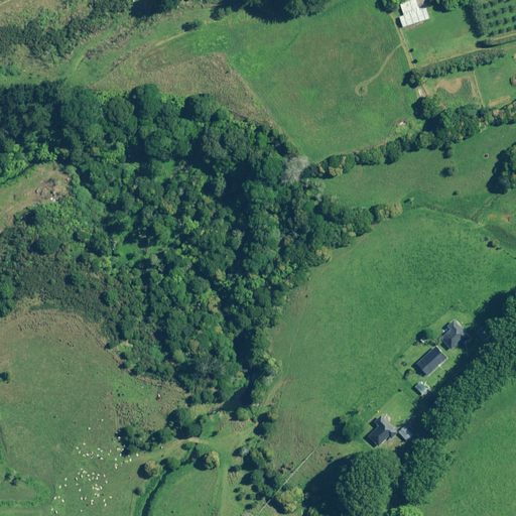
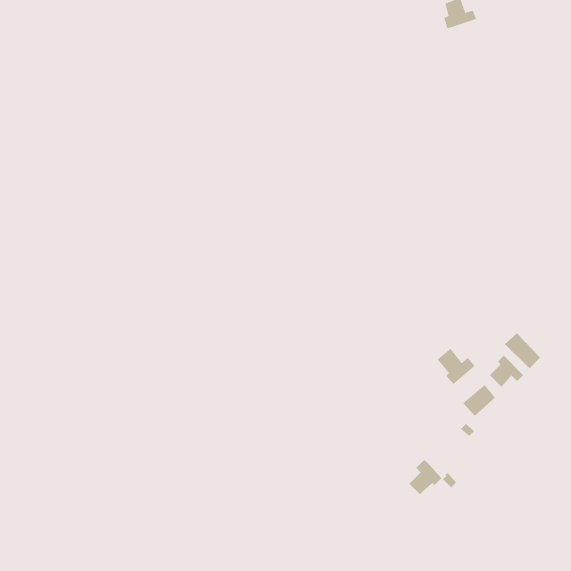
building: none -> [504,333,541,369]
building: none -> [437,348,476,385]

